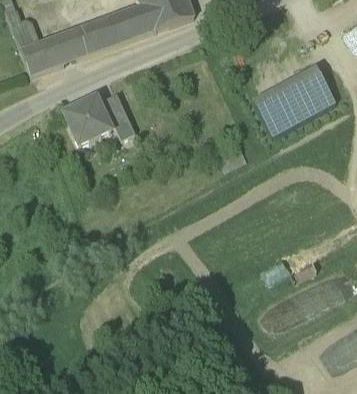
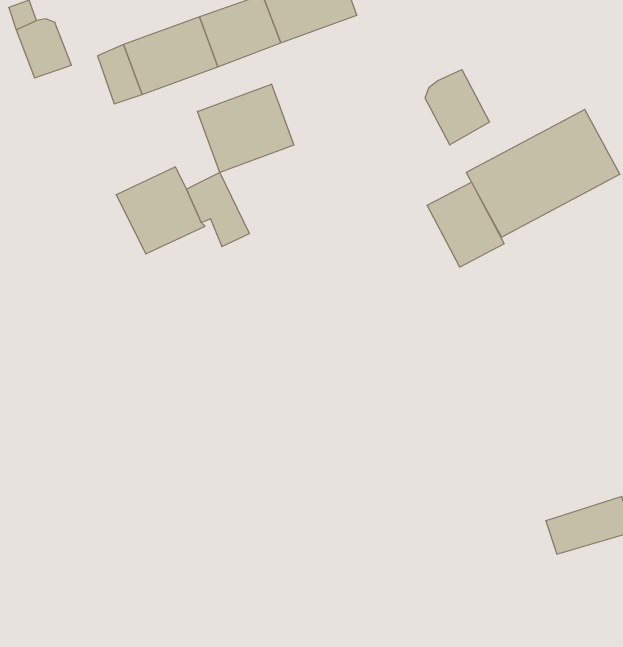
building: [20,36,63,74] -> none
building: none -> [425,70,490,145]
building: none -> [197,84,294,172]
building: none -> [427,182,504,267]

